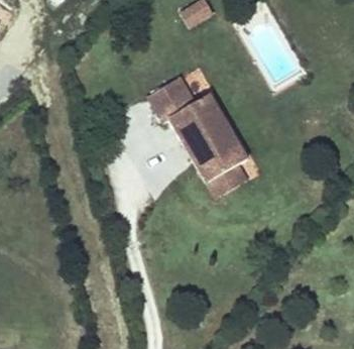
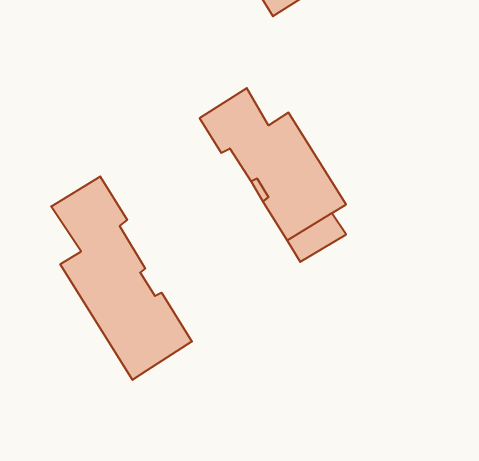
building: none -> [51,176,192,380]

